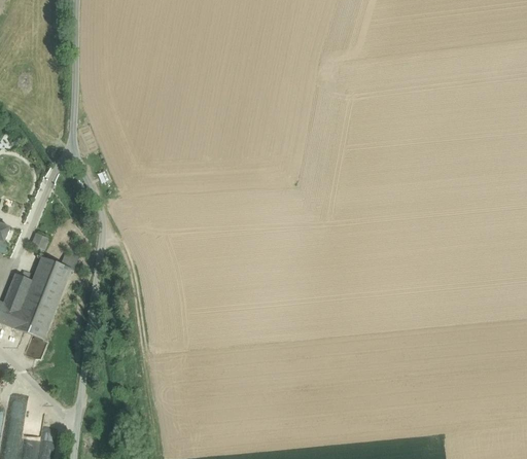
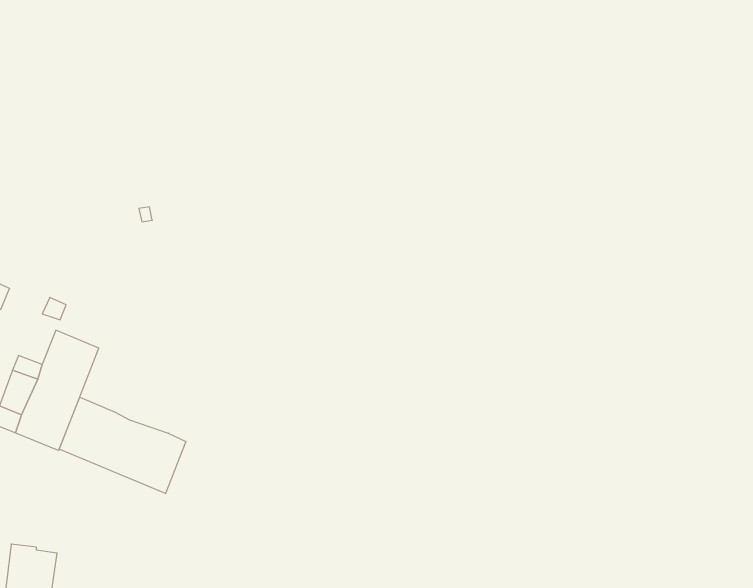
building: none -> [59,397,186,494]

